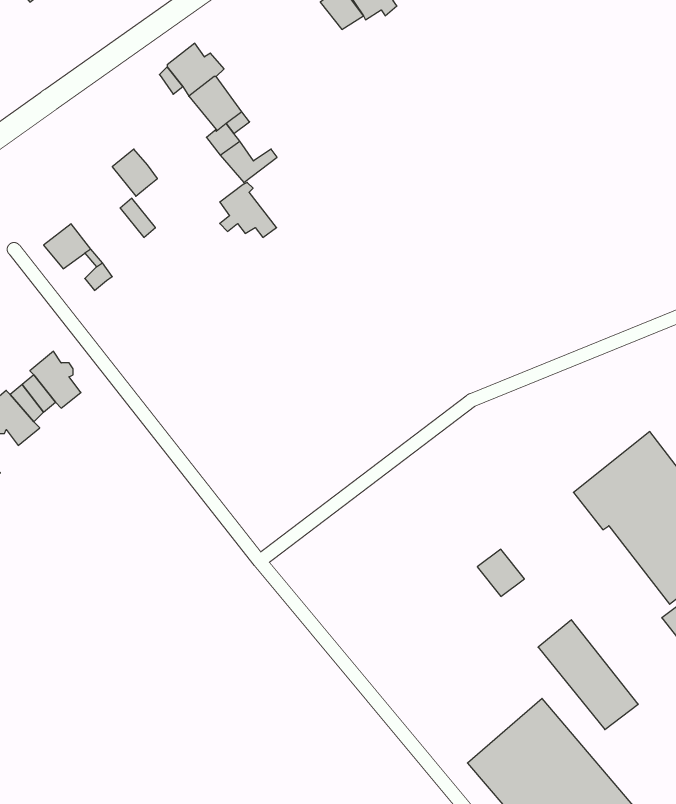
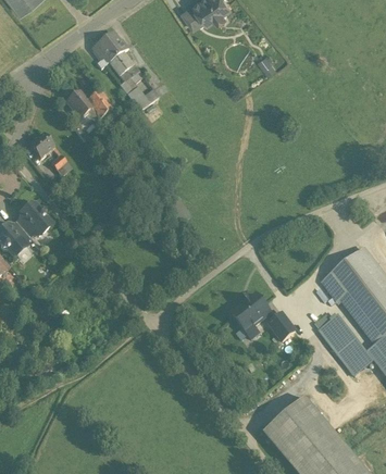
building: [220,182,277,237] -> [86,90,117,121]
building: none -> [232,295,271,332]
building: [538,620,638,730] -> [316,314,372,375]

